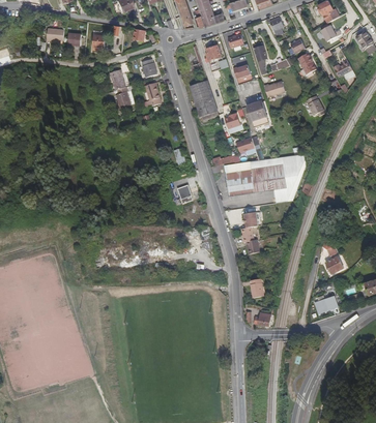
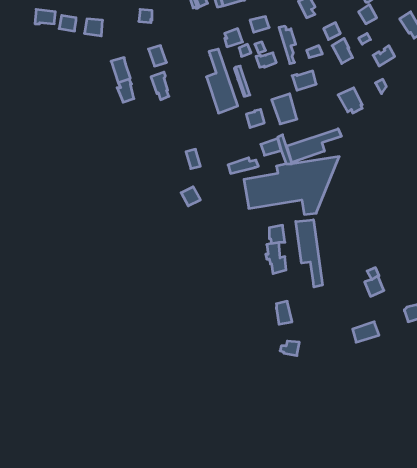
building: none -> [287,129,341,162]
building: none -> [296,220,322,287]

